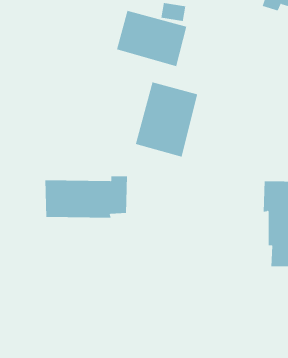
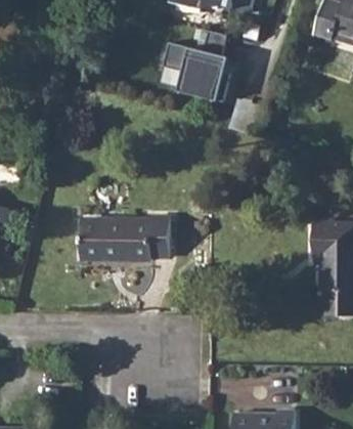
building: [135,81,198,157] -> none

